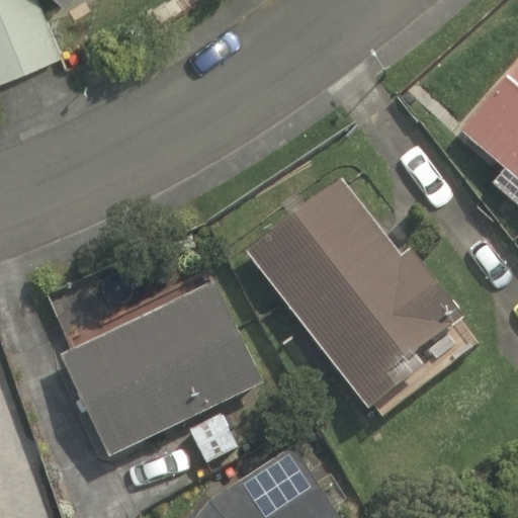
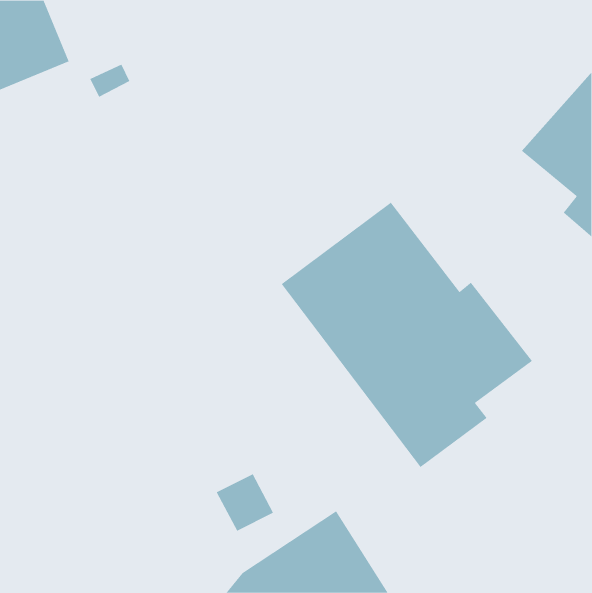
building: [61,280,262,457] -> none

